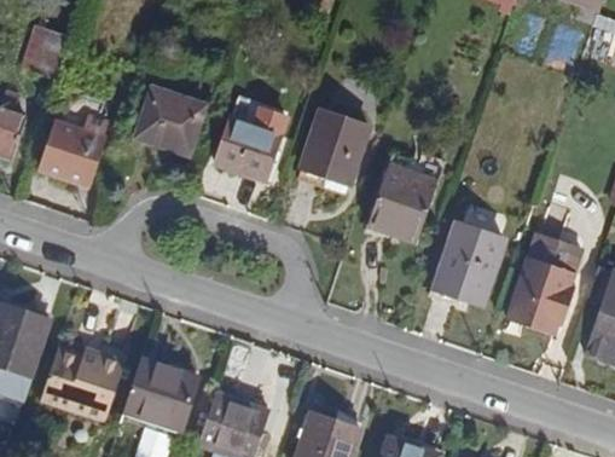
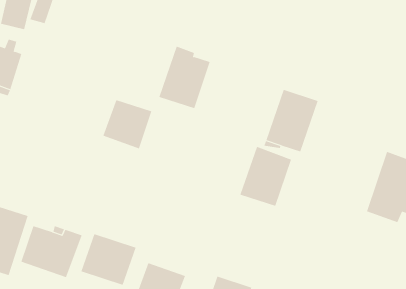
building: [146,88,214,156] -> [103,100,152,149]
building: [308,114,371,186] -> none
building: [50,120,117,185] -> none
building: [435,220,506,302] -> [240,146,292,206]

